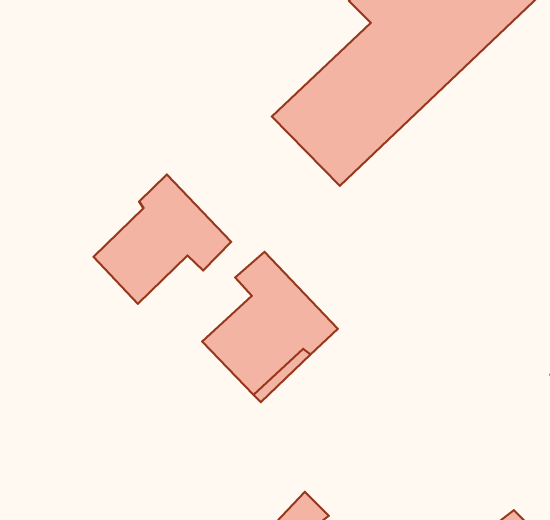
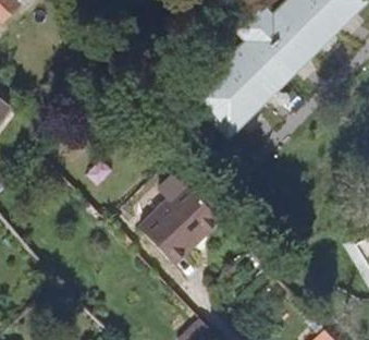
building: [94,175,231,304] -> none

